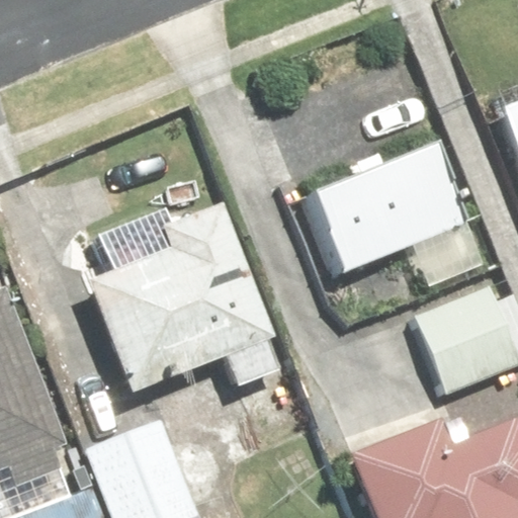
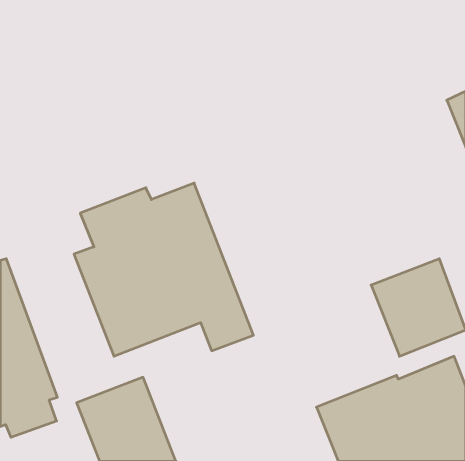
building: [313,150,483,287] -> none

